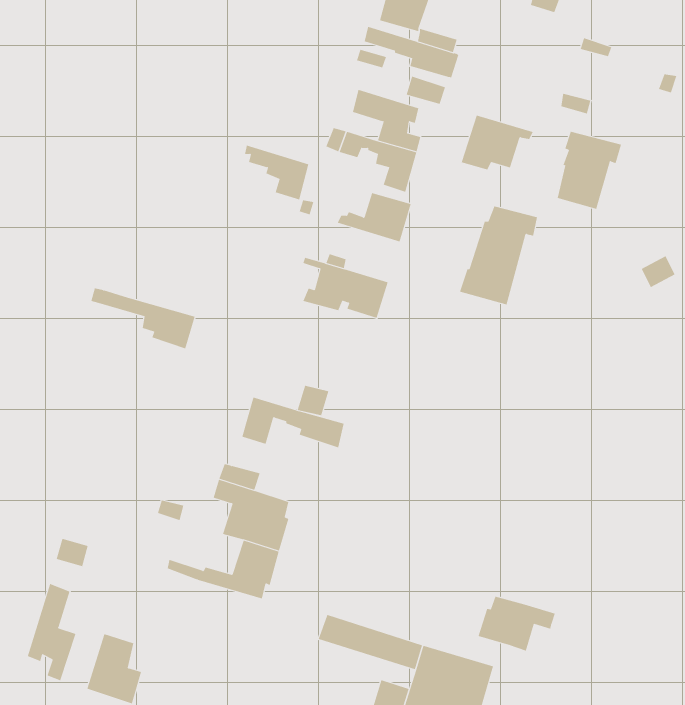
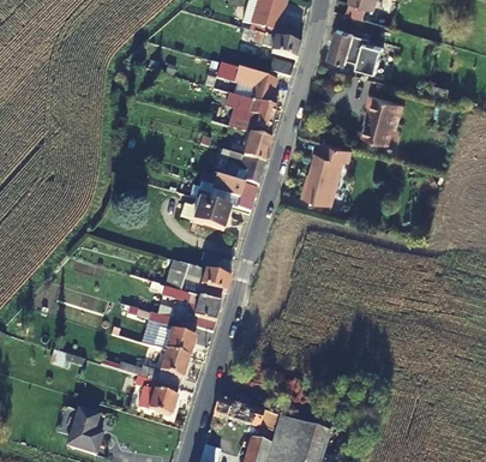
building: [461,115,534,170] -> [330,26,376,61]
building: [244,145,309,200] -> [224,150,265,185]
building: [90,288,195,349] -> [157,283,223,322]
building: none -> [187,197,234,233]
building: none -> [136,374,179,415]
building: [27,583,76,681] -> none
building: [478,596,556,651] -> none

